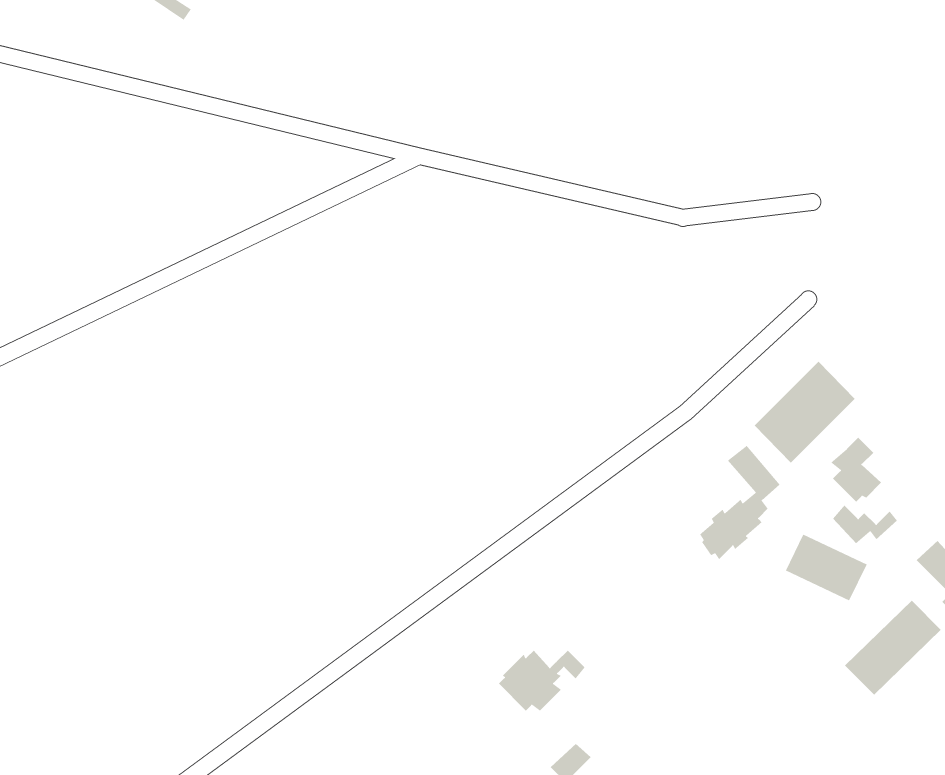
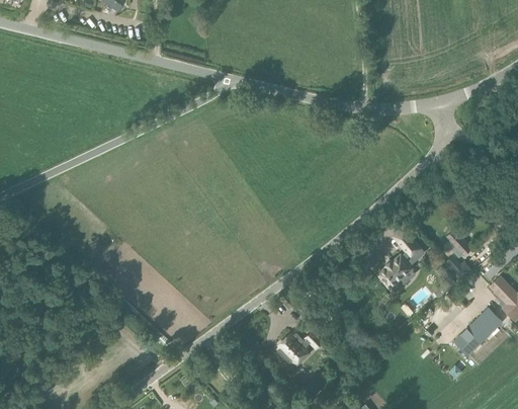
building: [754,361,856,464] -> none
building: [785,533,868,601] -> none

